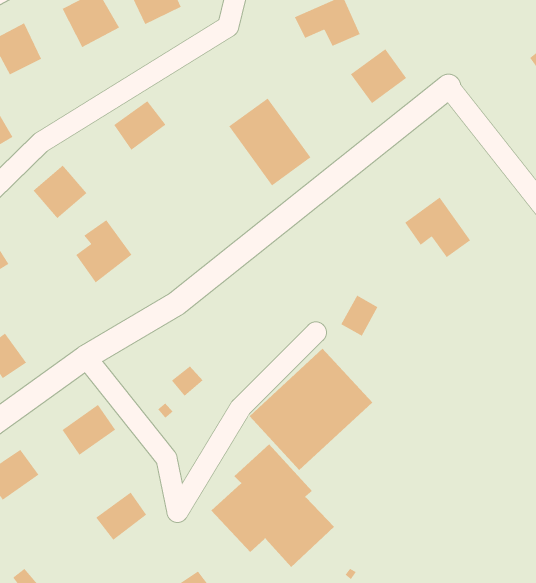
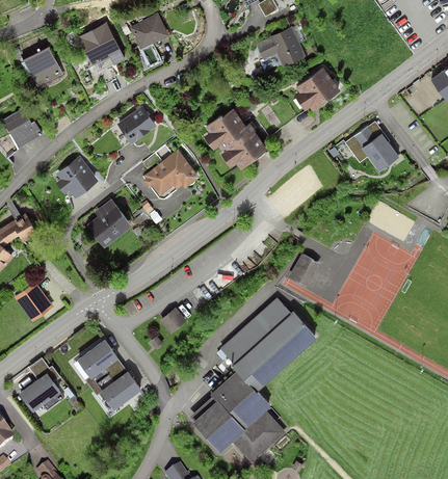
building: none -> [143,148,199,194]
building: [404,197,471,258] -> [347,124,398,170]
building: [95,492,147,541] -> [101,370,140,407]

